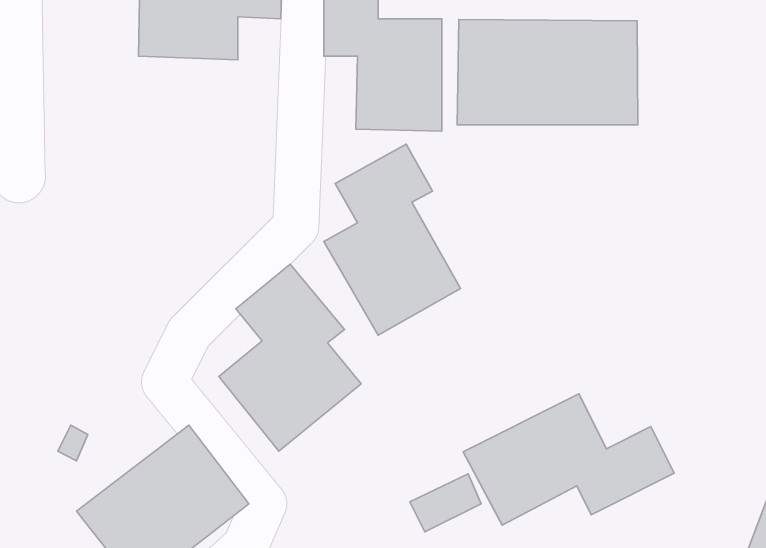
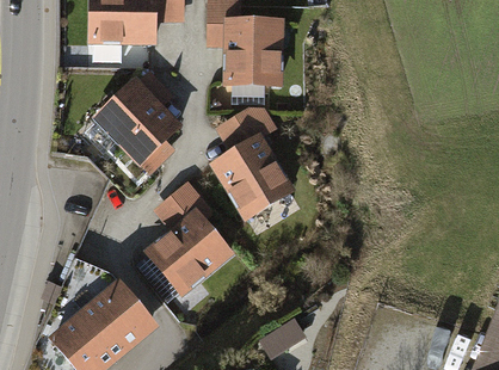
building: [457,20,638,125] -> none
building: none -> [93,68,177,161]
building: [463,394,674,525] -> none

